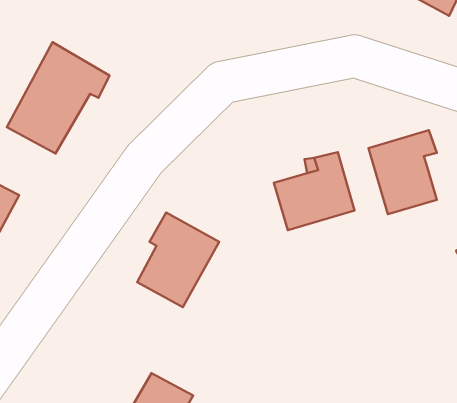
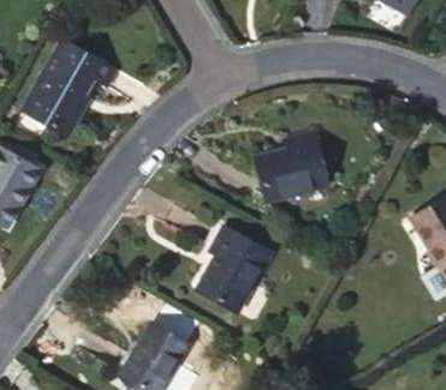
building: [369,130,437,214] -> none
building: [137,213,219,307] -> [197,228,268,310]

